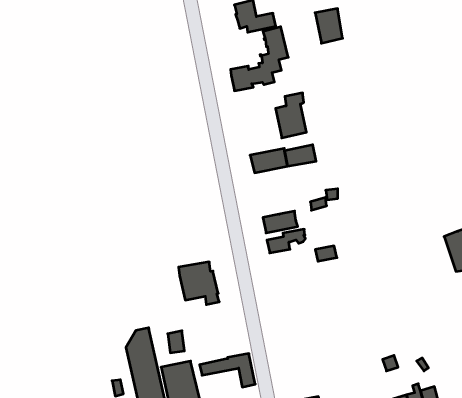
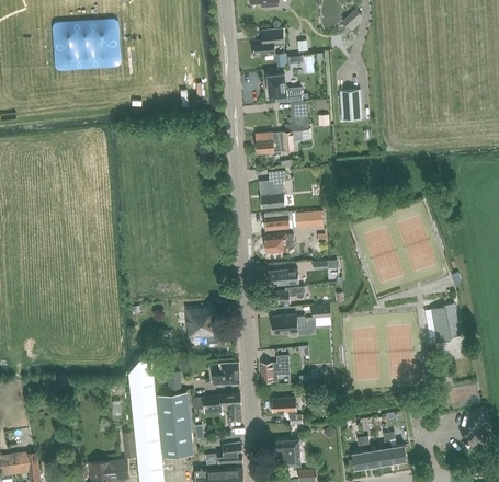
building: [276,93,306,138] -> [259,171,285,209]
building: none -> [264,234,294,253]
building: none -> [271,314,305,337]
building: none -> [261,356,288,382]
building: none -> [214,364,238,385]
building: none -> [269,398,302,424]

